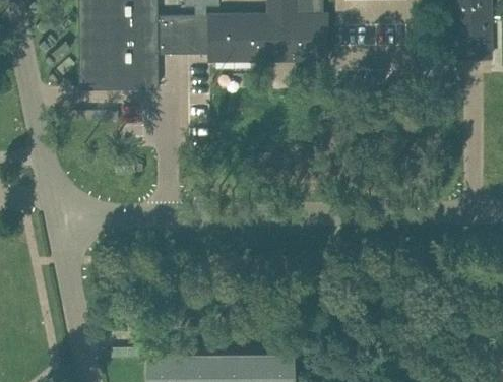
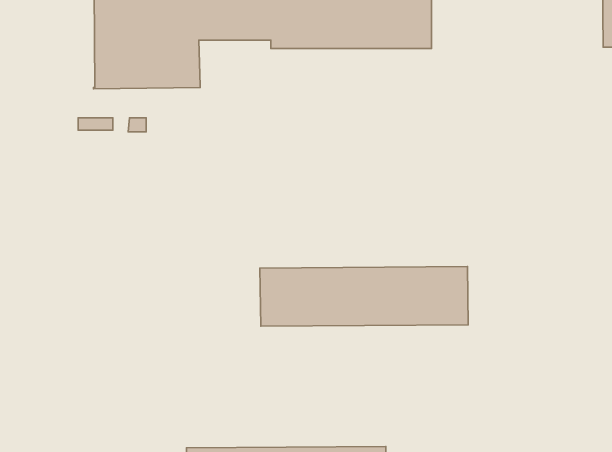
building: none -> [260,267,468,326]

